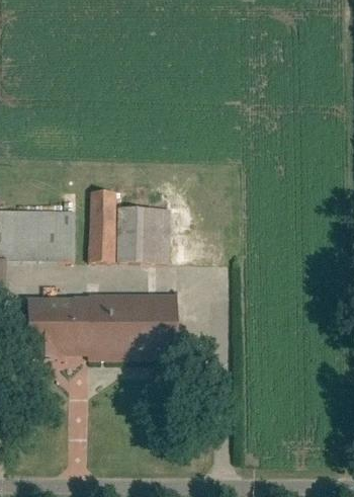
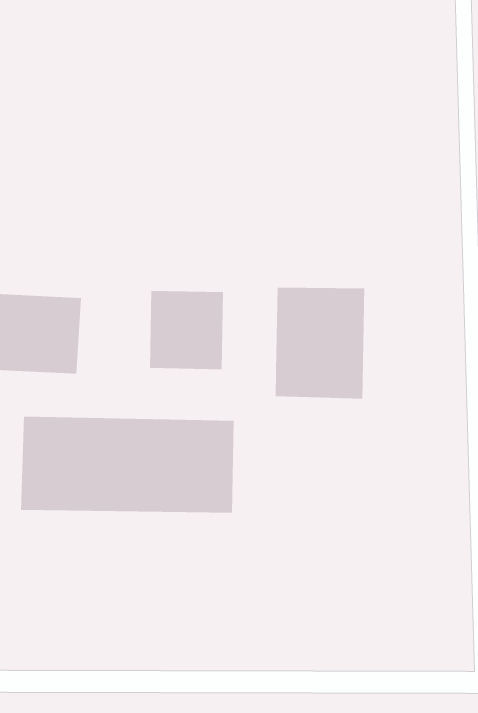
building: [87,190,114,260] -> none
building: none -> [275,287,365,399]

